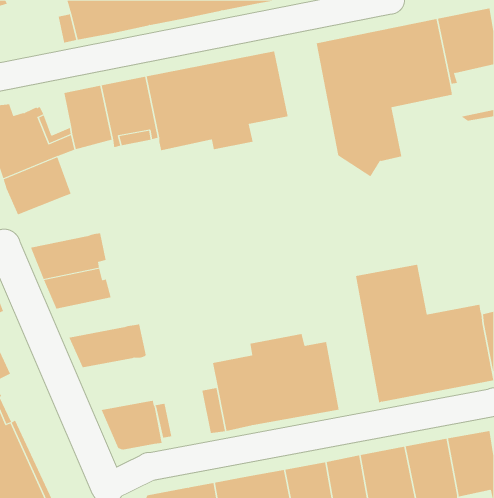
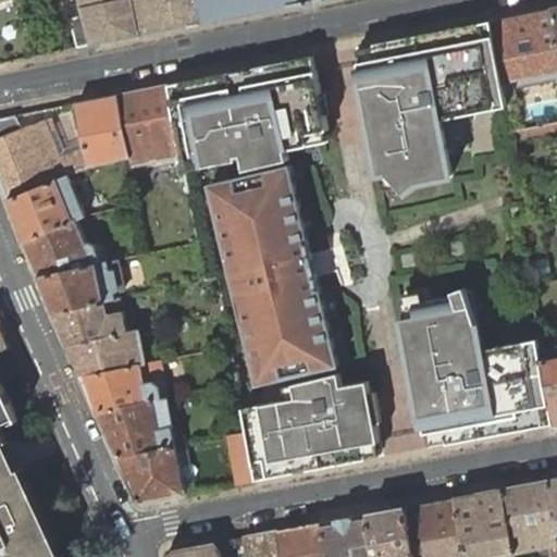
building: none -> [205,166,334,387]
building: none -> [20,221,97,277]
building: none -> [62,331,141,377]
building: none -> [91,398,181,458]

